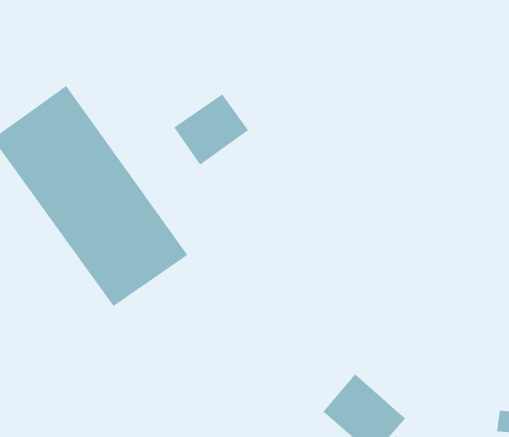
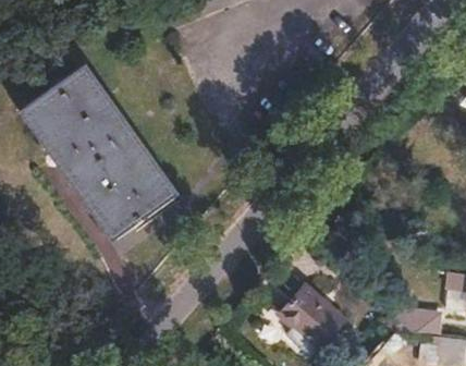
building: [174,93,249,165] -> none

